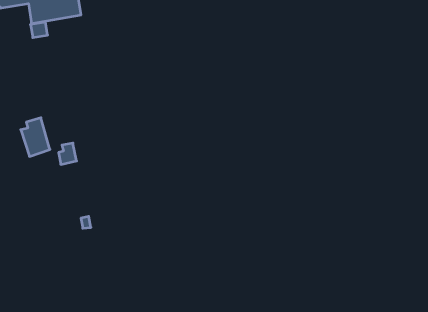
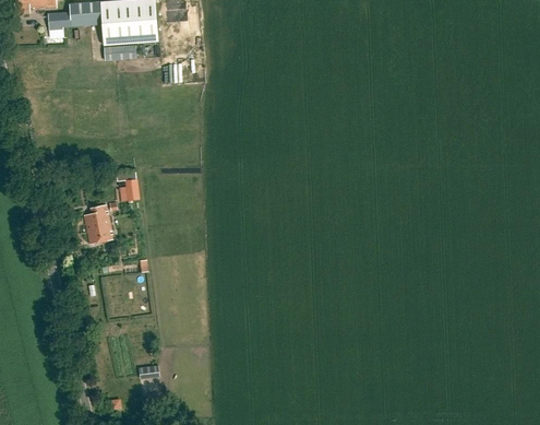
building: [21,118,50,156] -> [83,204,112,245]

